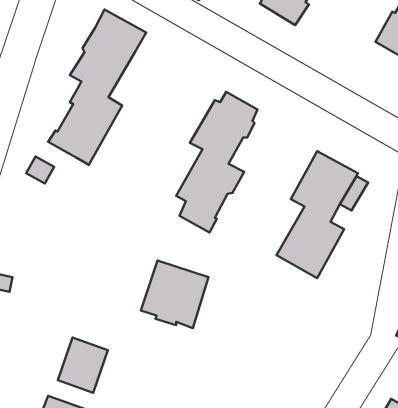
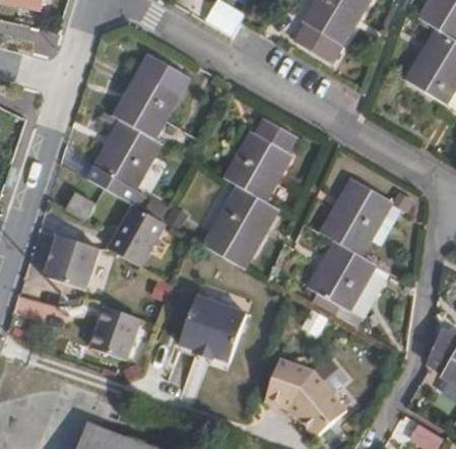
building: none -> [107,202,165,264]
building: none -> [45,234,99,287]
building: none -> [264,355,347,432]
building: [58,338,108,393] -> [90,303,139,357]

